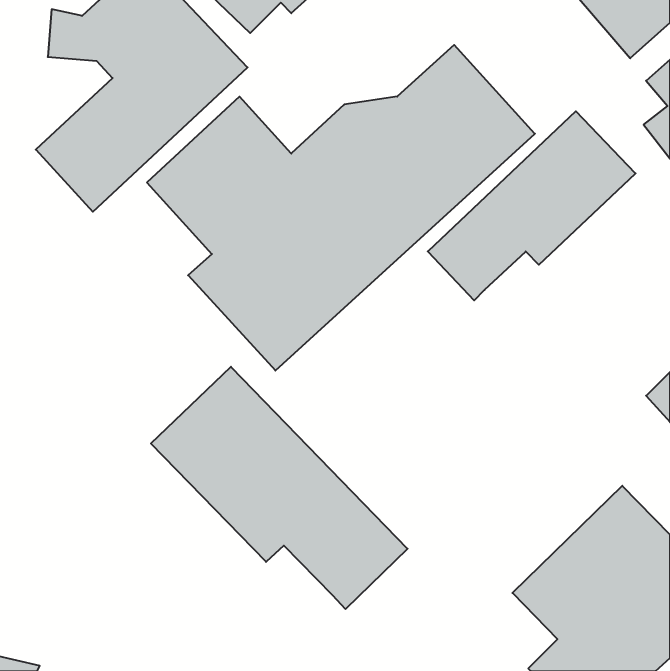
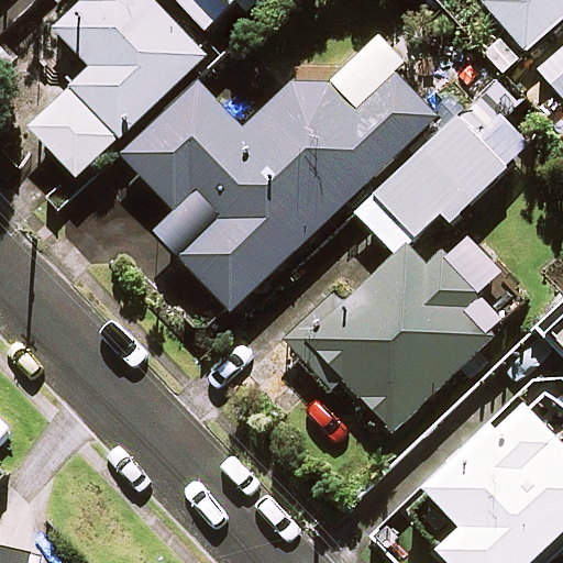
building: none -> [285,234,508,430]
building: [151,367,408,609] -> none

